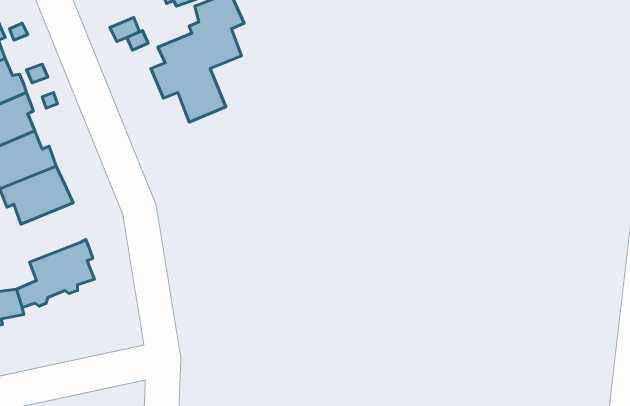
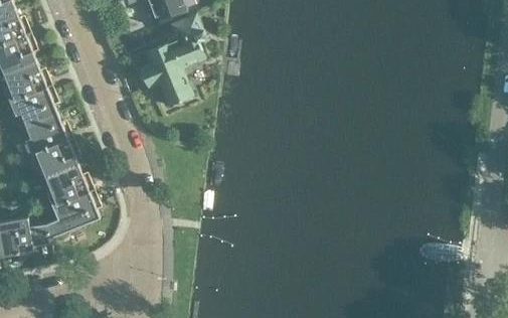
building: none -> [45,164,92,206]

